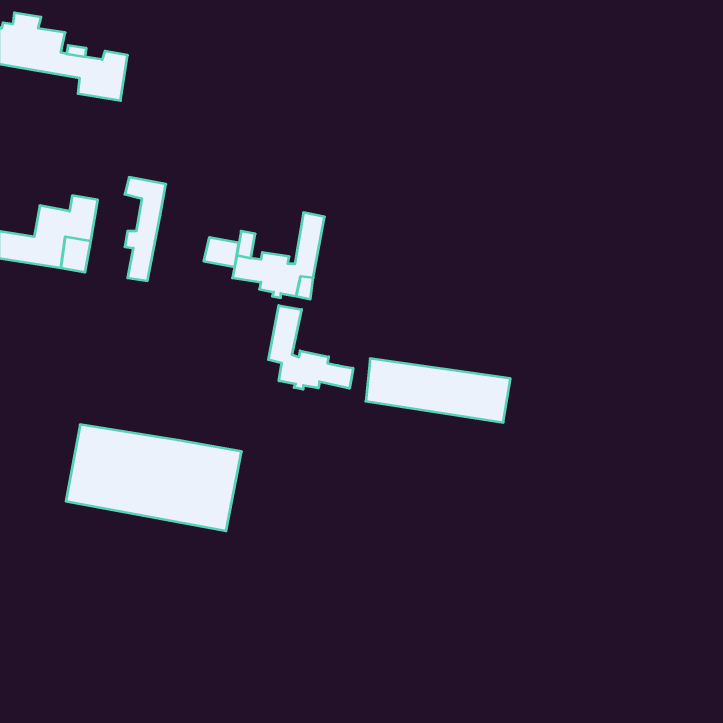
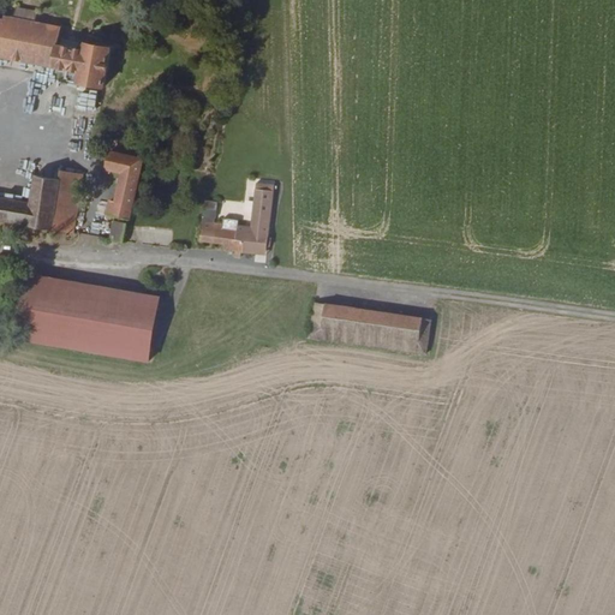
building: [204,237,239,267] -> none
building: [268,305,353,389] -> none
building: [66,425,242,531] -> [10,273,159,363]

